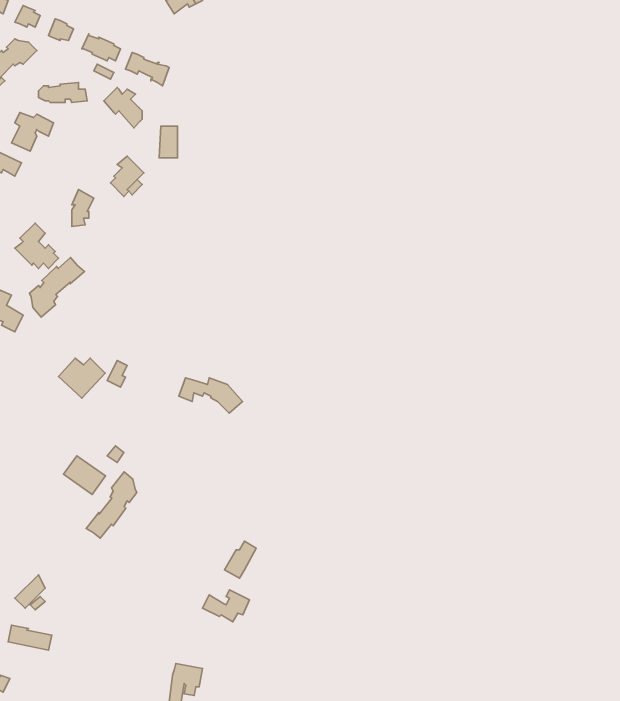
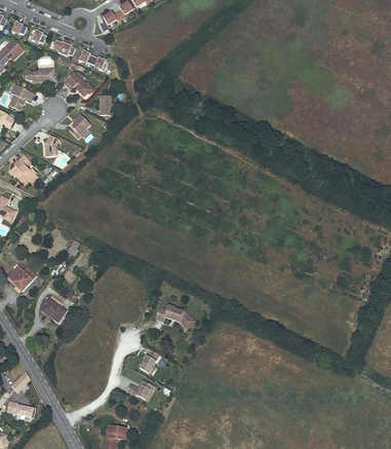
building: [29,258,84,317] -> none
building: [58,358,105,398] -> [7,265,36,290]
building: [179,378,243,413] -> [155,306,194,328]
building: [86,472,137,538] -> none

